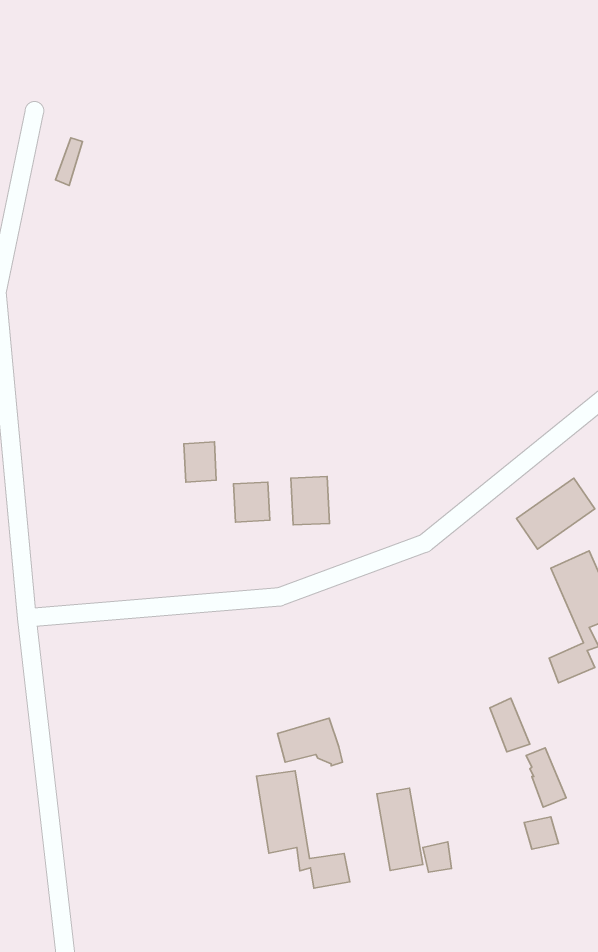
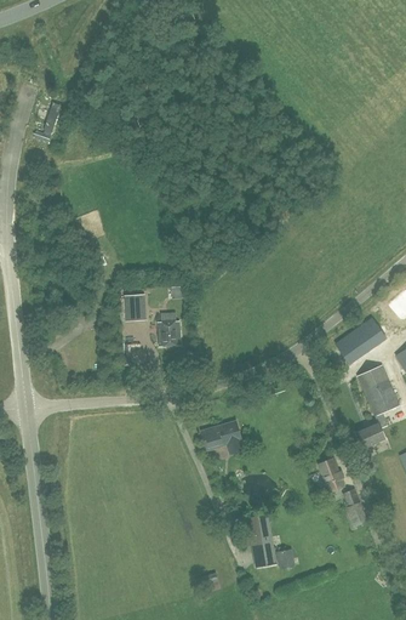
building: [291,476,329,525] -> none
building: [278,718,343,766] -> [202,420,244,450]
building: [256,771,350,888] -> none

